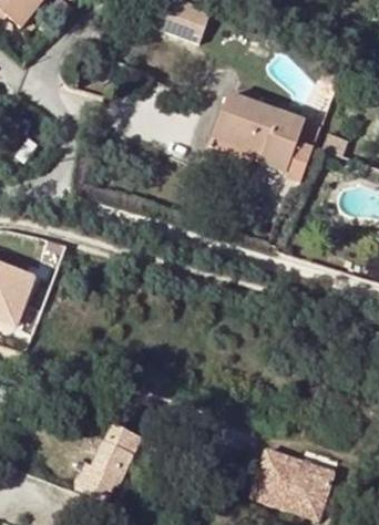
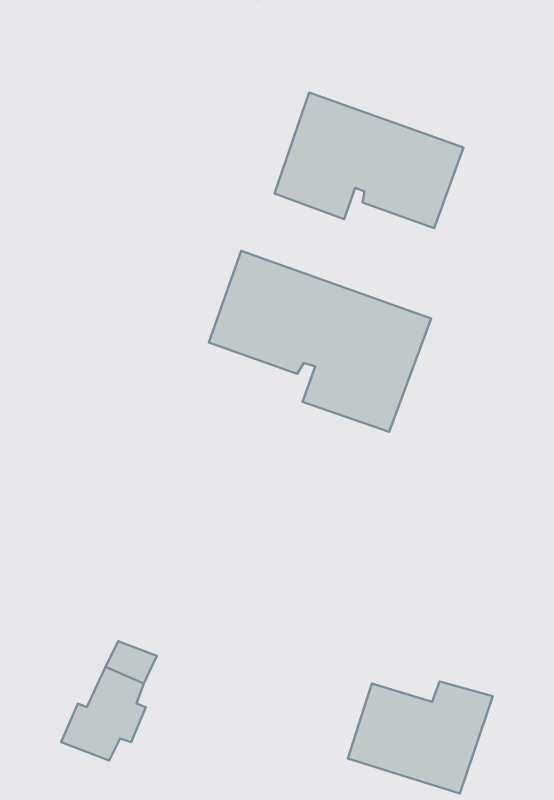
building: none -> [209,251,431,432]

